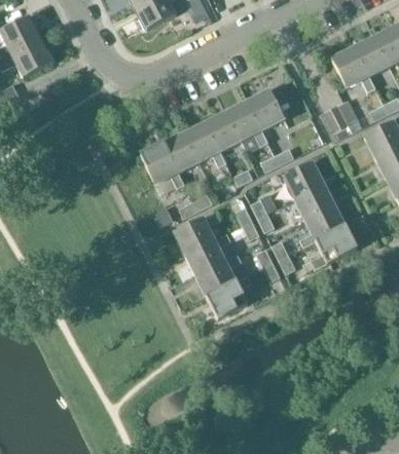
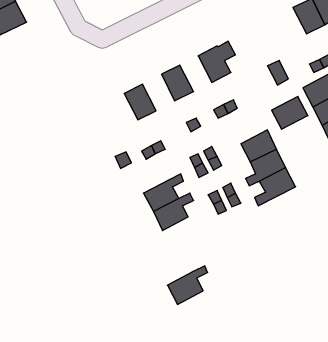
building: [331,45,374,90] -> none
building: [225,100,267,145] -> none
building: [183,120,225,166] -> none
building: [141,142,184,188] -> none
building: [283,161,324,198] -> [272,96,308,129]
building: [174,212,219,254] -> none
building: [206,274,251,317] -> [167,266,208,304]

